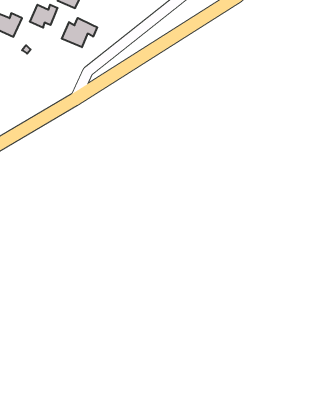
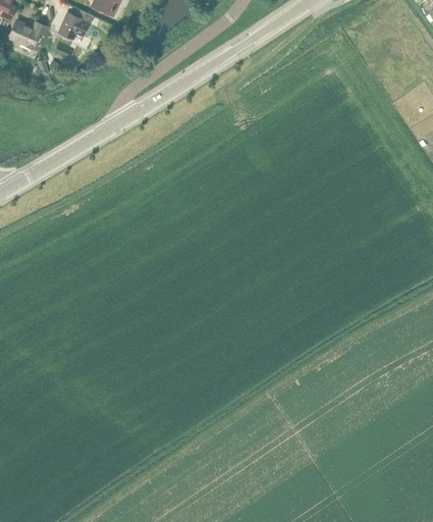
building: [62,18,97,47] -> none

